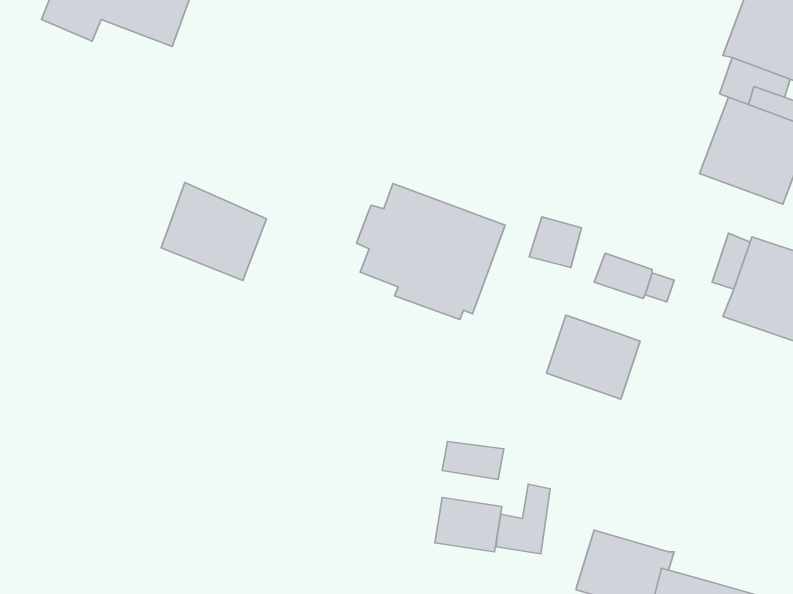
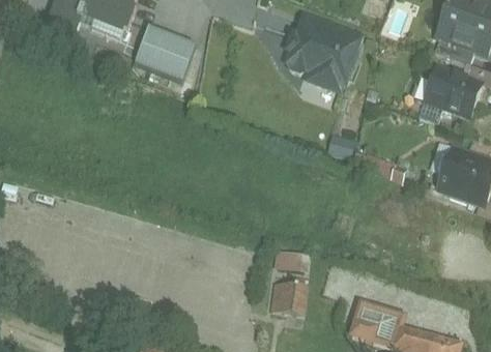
building: [161,183,266,280] -> [136,18,196,74]
building: [357,183,505,319] -> [284,10,369,88]
building: [546,315,640,399] -> none
building: [496,484,550,554] -> none

